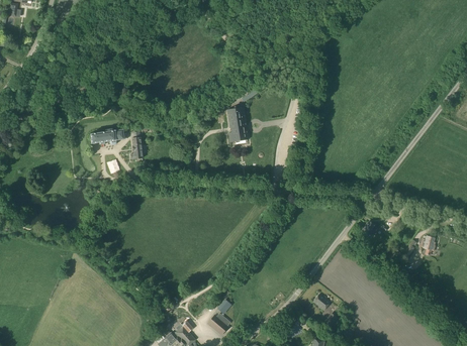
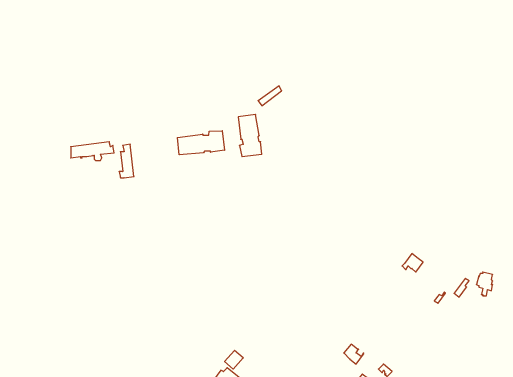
building: none -> [177,131,225,155]

